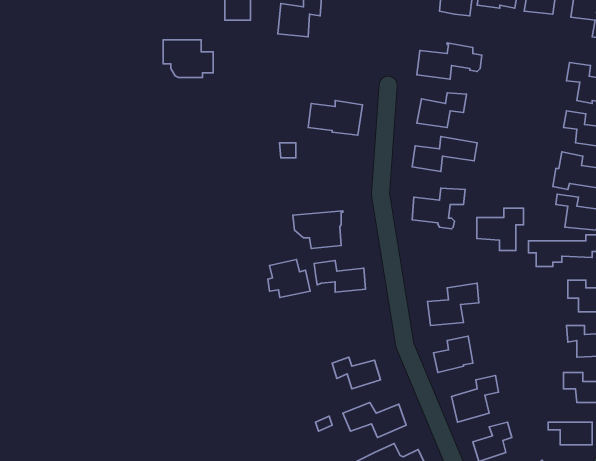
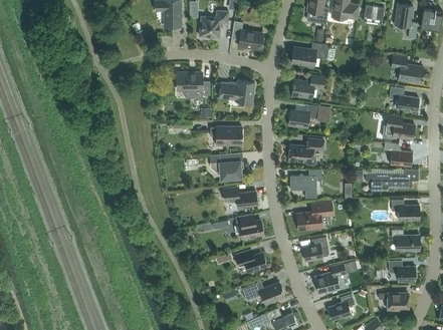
building: none -> [231,20,262,48]
building: [163,40,213,77] -> [177,72,210,97]
building: none -> [210,125,242,144]
building: [477,208,524,251] -> [290,169,321,197]
building: [268,260,310,297] -> [234,213,262,238]

